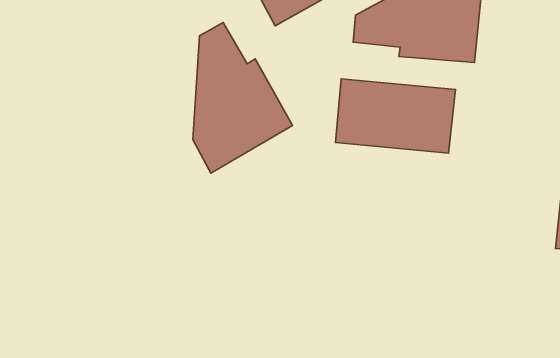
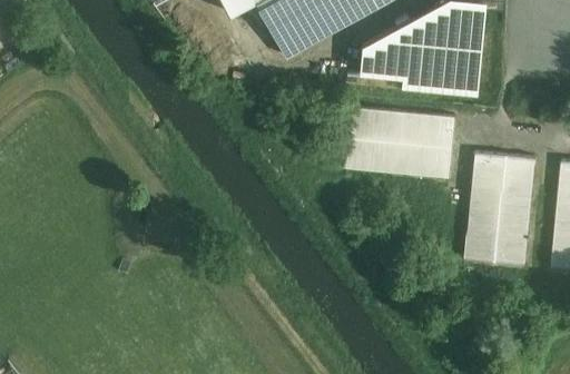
building: [193,23,292,173] -> none
building: none -> [465,152,537,266]

